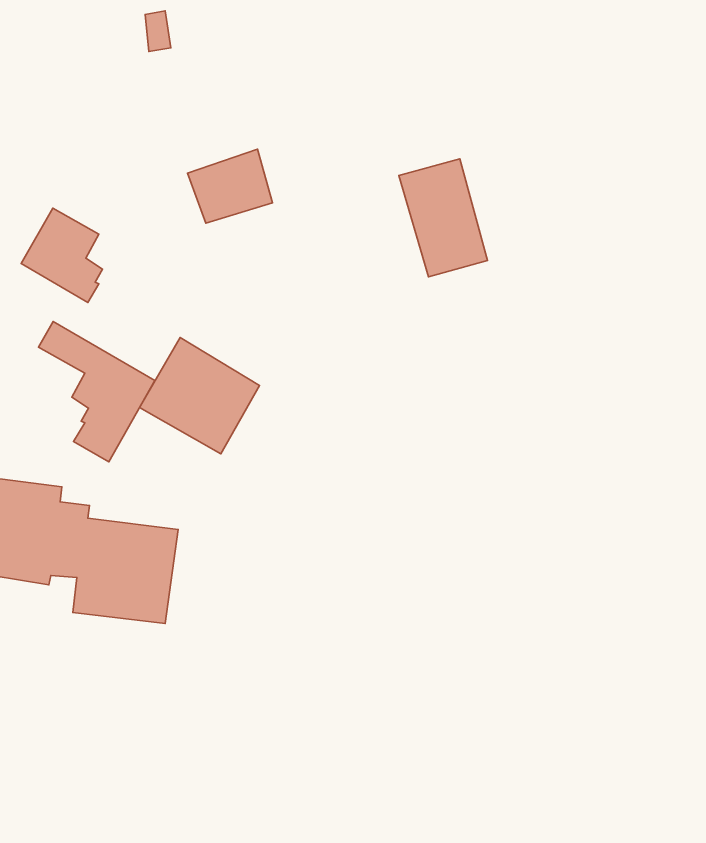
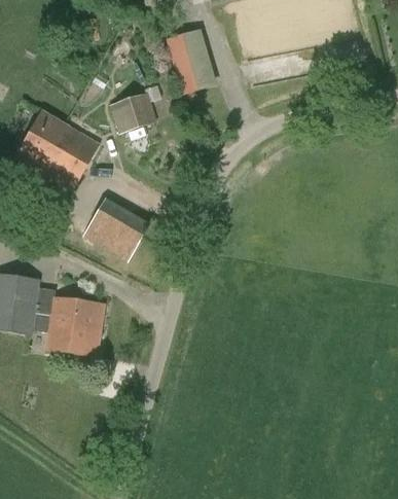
building: [399,159,487,277] -> [166,28,215,94]
building: [39,321,155,462] -> [33,110,98,188]

